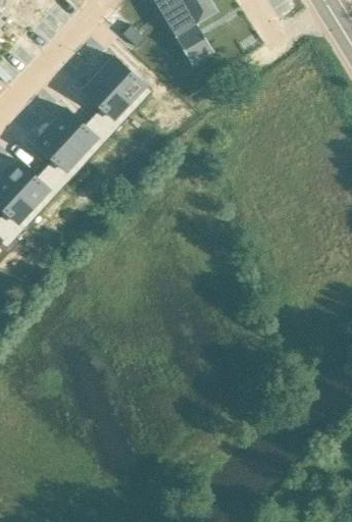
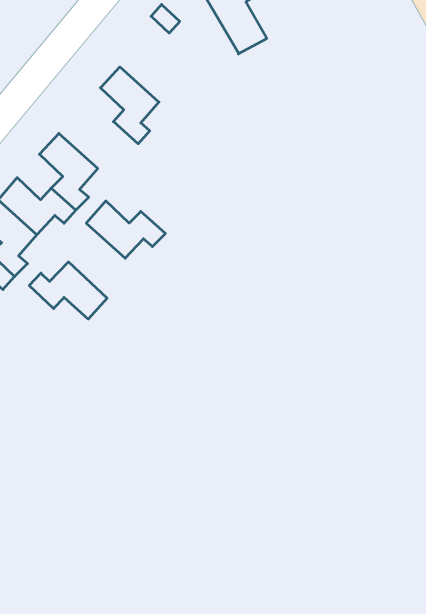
building: [98,56,160,101] -> none
building: [50,108,112,153] -> [86,201,165,258]
building: none -> [29,262,107,319]

